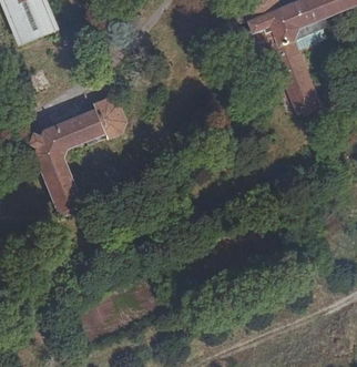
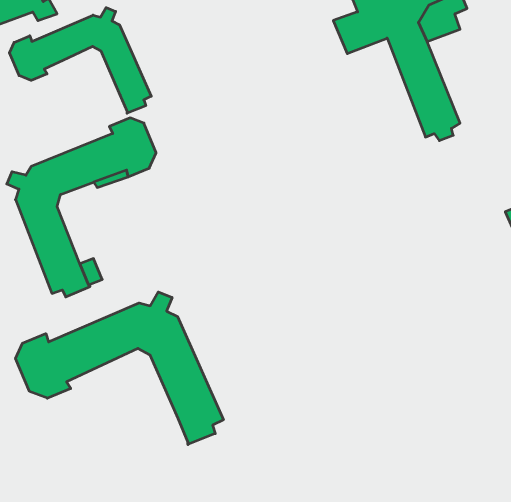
building: none -> [9,8,151,113]
building: none -> [16,292,223,445]

